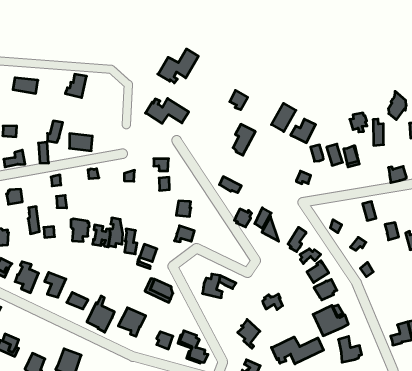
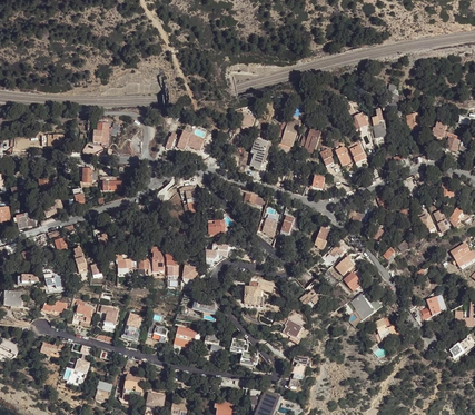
building: [158,49,198,83] -> none
building: [271,337,324,364] -> none

